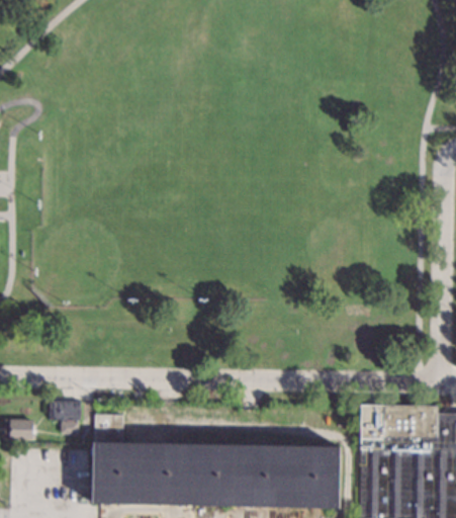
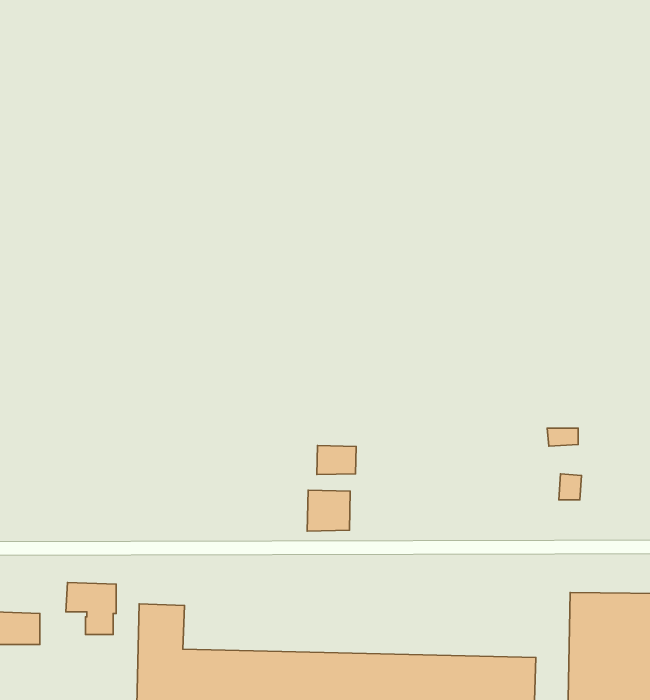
building: none -> [317,445,356,475]
building: none -> [307,490,350,531]

